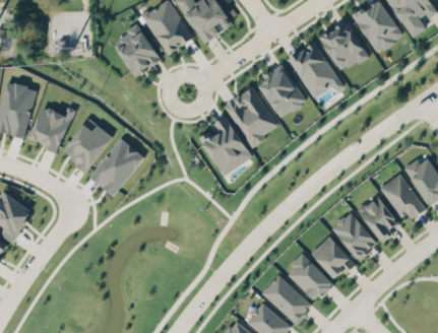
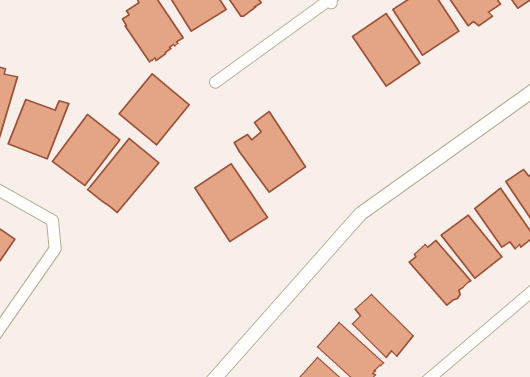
building: [256,66,306,119] -> none
building: none -> [119,74,189,145]
building: [225,87,279,146] -> [195,164,268,242]
building: [311,237,356,279] -> none

